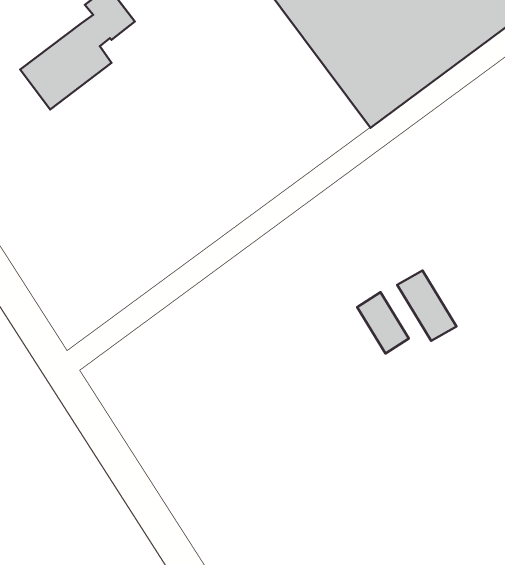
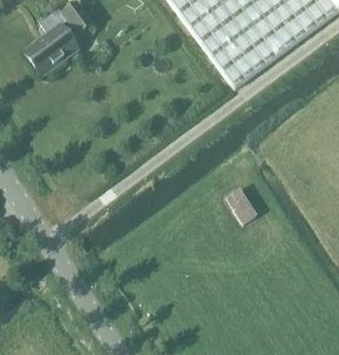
building: [397,271,457,341] -> none

